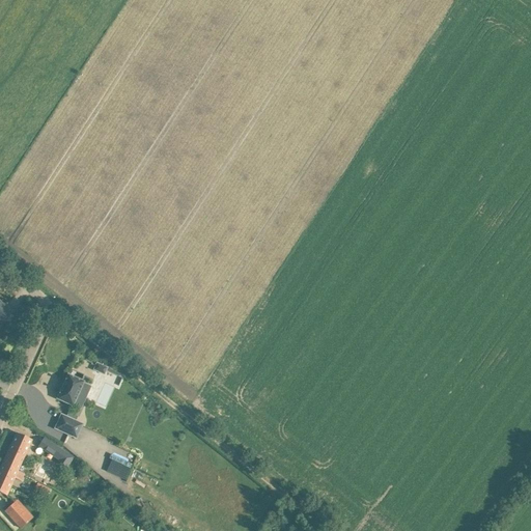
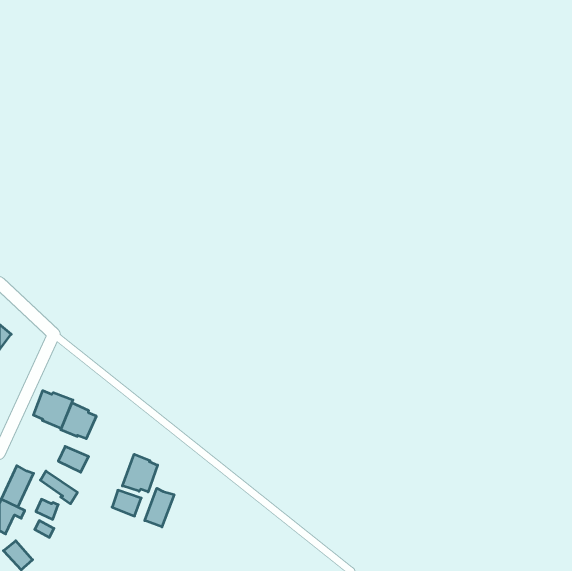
building: none -> [33,391,73,429]
building: none -> [122,454,158,492]
building: none -> [145,488,174,527]

